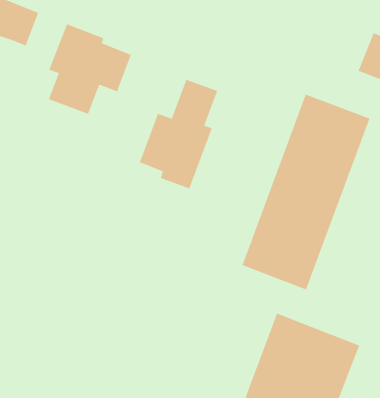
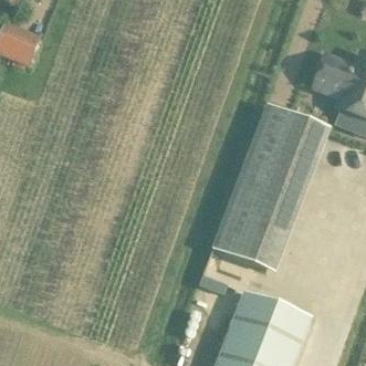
building: [48,23,132,115] -> none
building: [139,79,218,189] -> none

